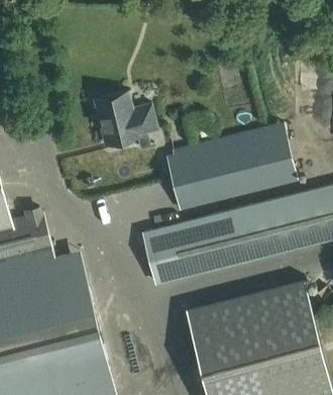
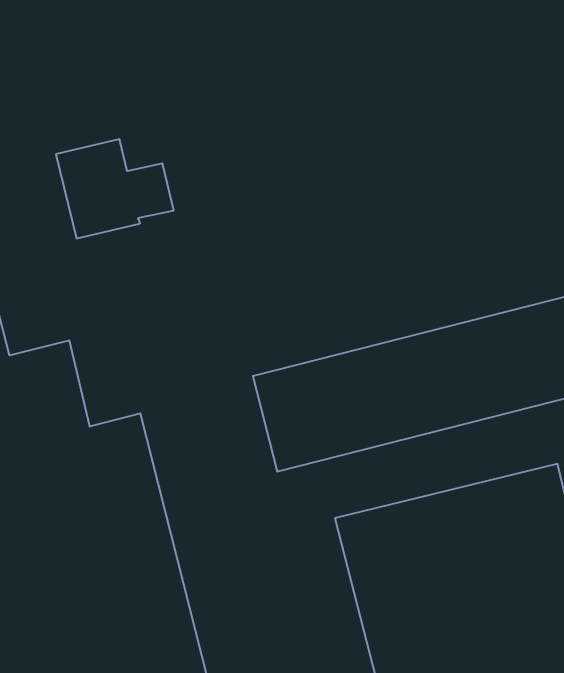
building: [94,92,157,145] -> [56,139,174,238]
building: [168,124,299,211] -> none

